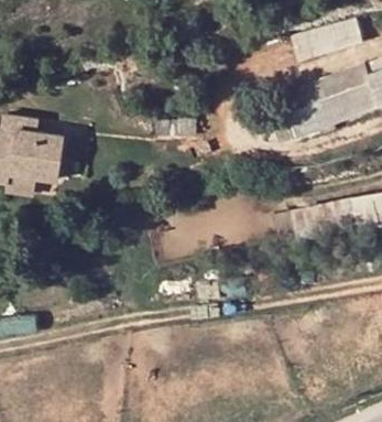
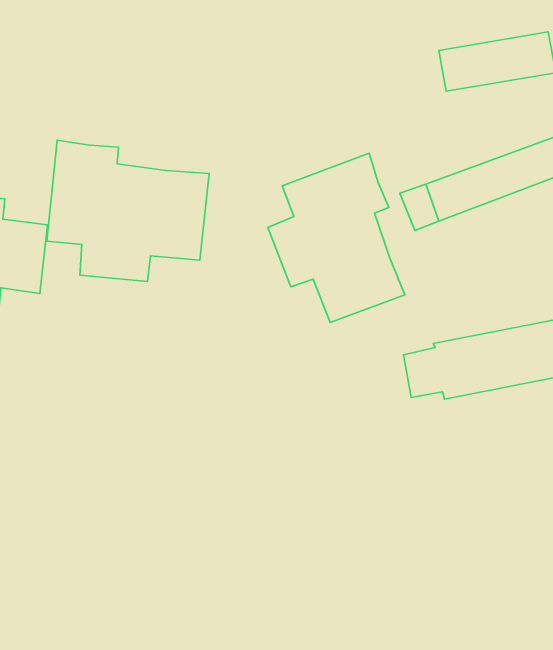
building: none -> [47,140,209,282]
building: none -> [268,153,405,322]

